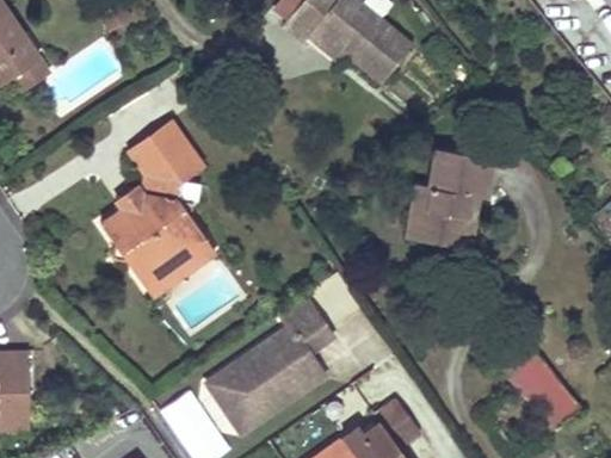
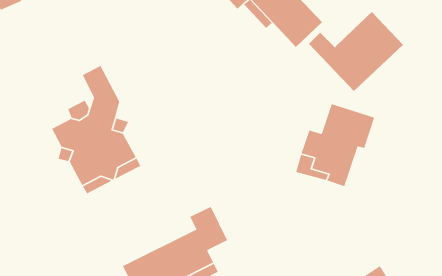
building: none -> [308,11,404,92]
building: [148,123,198,179] -> none

